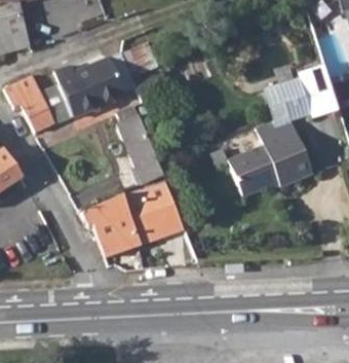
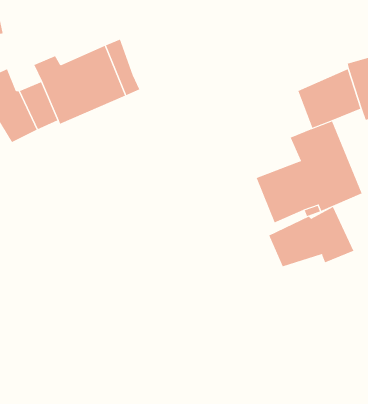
building: [116,104,163,183] -> none
building: none -> [269,206,354,267]
building: [79,186,185,257] -> none

